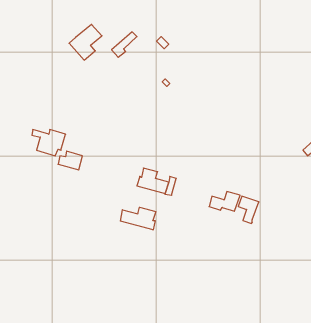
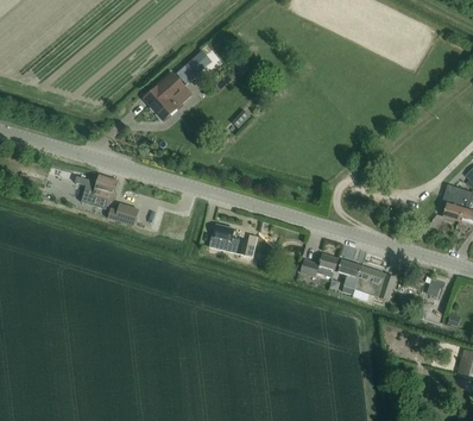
building: [69,24,102,60] -> [144,73,185,118]
building: none -> [353,265,396,300]
building: [120,207,156,230] -> none

